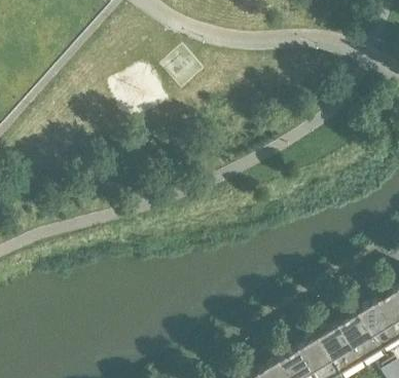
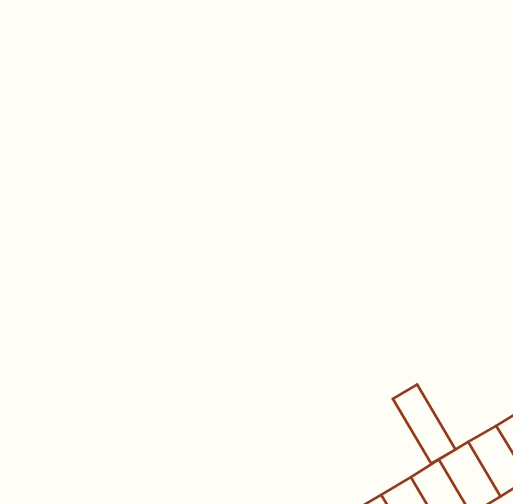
building: none -> [393,385,456,464]

